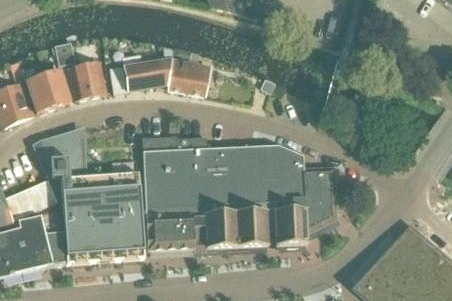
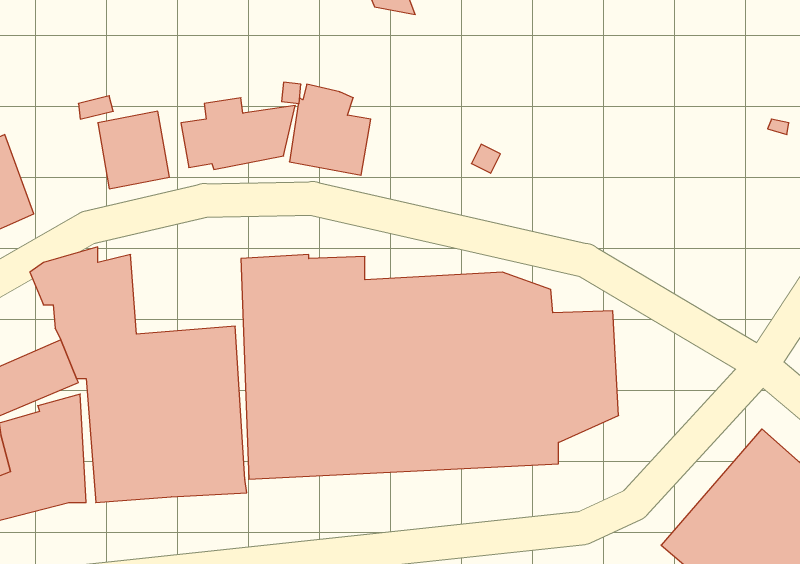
building: [24,70,68,113] -> none

